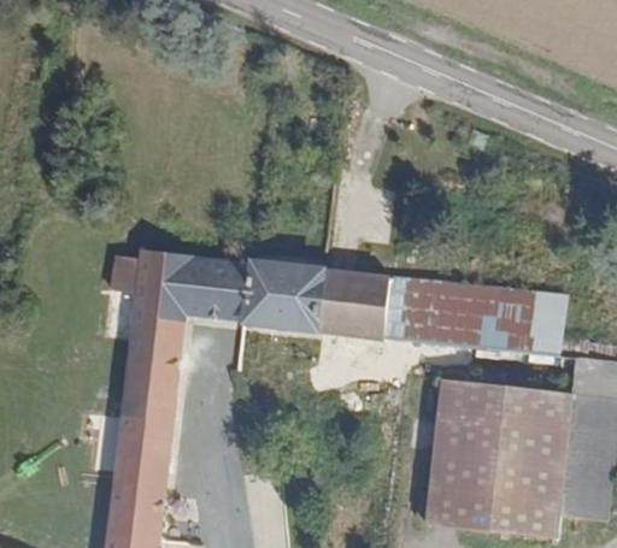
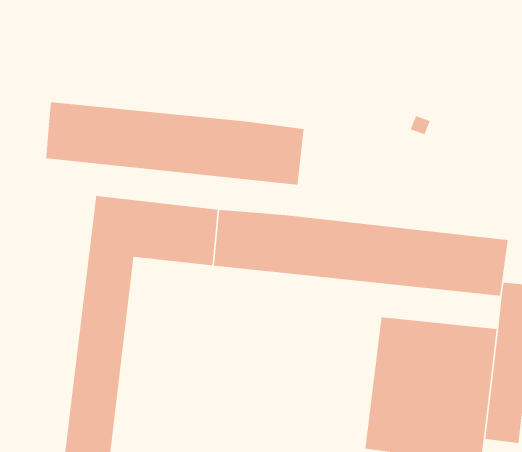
building: none -> [46,102,304,185]

